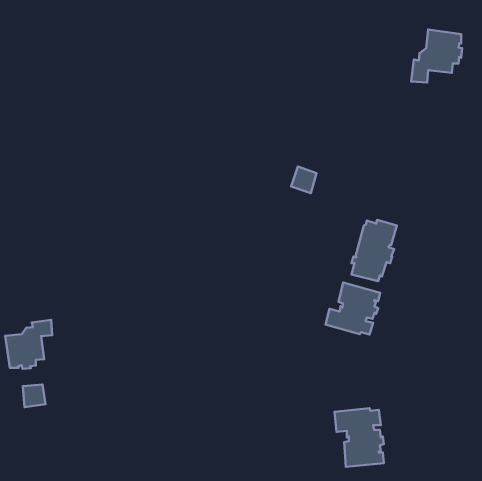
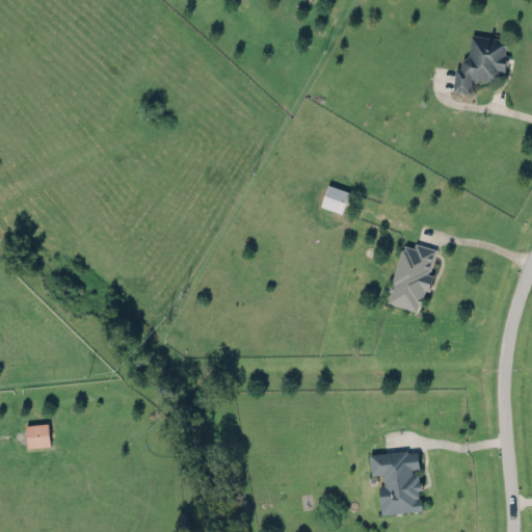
building: [325,282,380,335] -> none
building: [5,320,52,369] -> none

